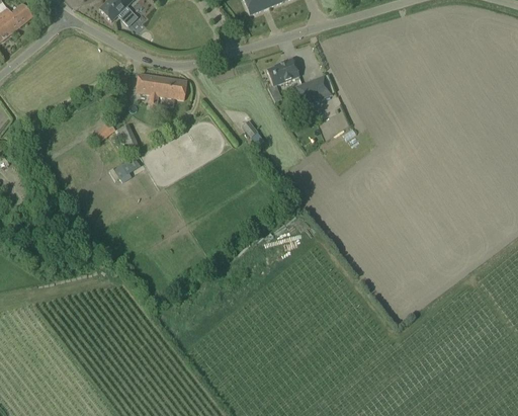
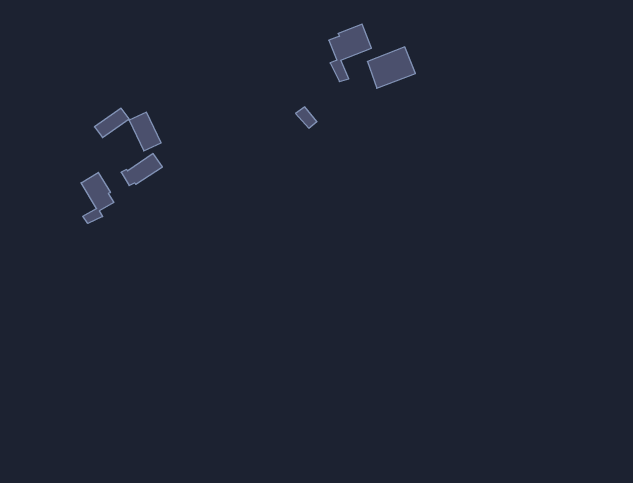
building: [136,73,187,106] -> none
building: none -> [81,172,114,223]

